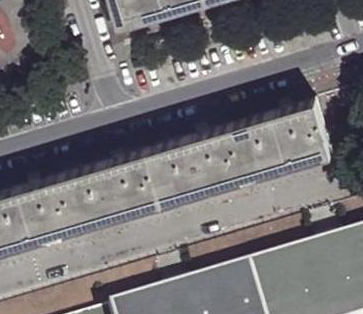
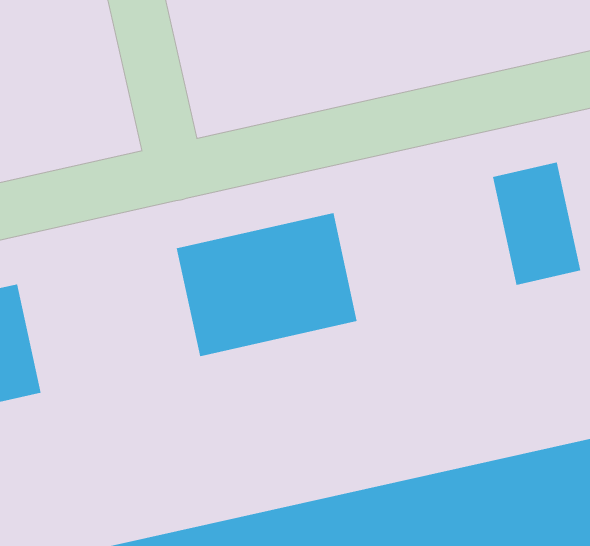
building: [201,105,297,184] -> none
building: [41,153,137,232] -> none

